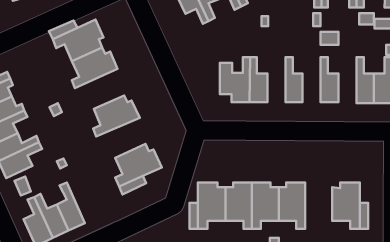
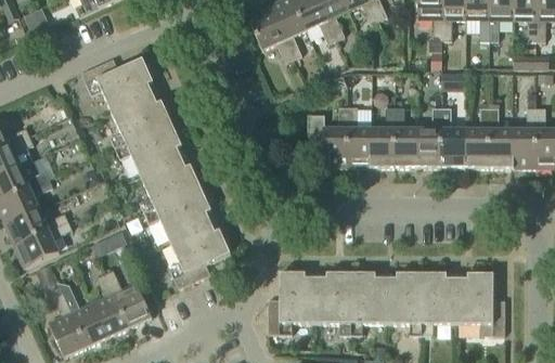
building: none -> [371,106,395,166]
building: none -> [417,106,441,166]
building: none -> [465,106,489,167]
building: none -> [116,121,182,174]
building: none -> [144,186,211,239]
building: none -> [105,268,152,326]
building: none -> [421,272,456,334]

